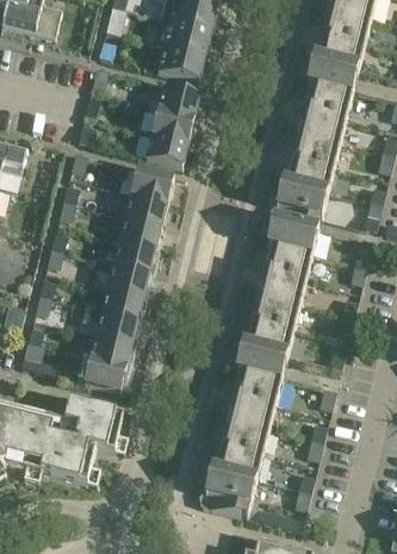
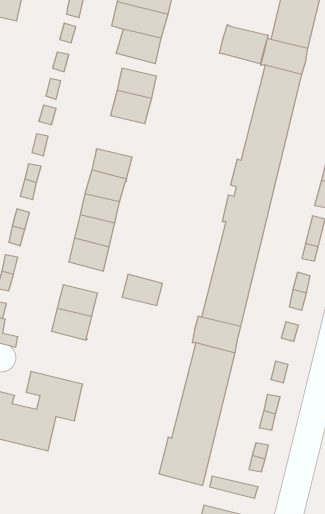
building: none -> [219,25,268,64]
building: [144,136,186,168] -> none
building: [101,287,143,319] -> [122,274,162,305]
building: [83,359,125,392] -> none

